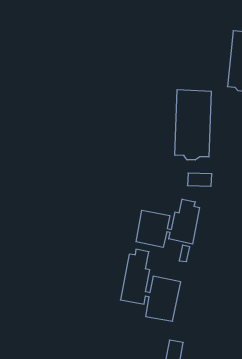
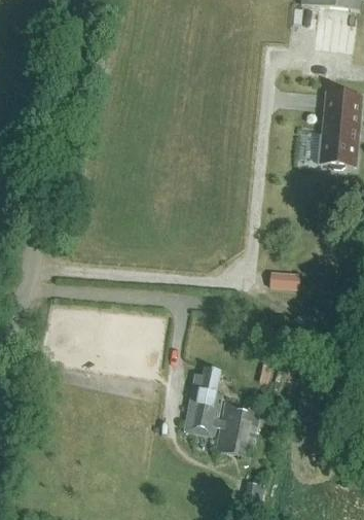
building: [175,90,211,160] -> none
building: [136,199,200,247] -> none

